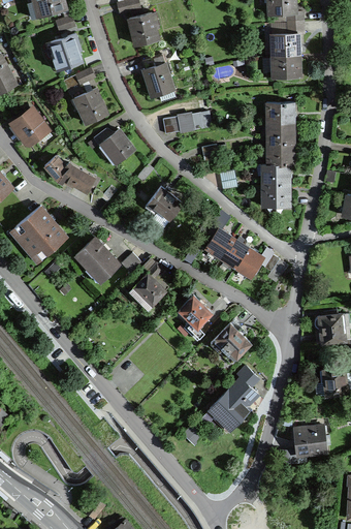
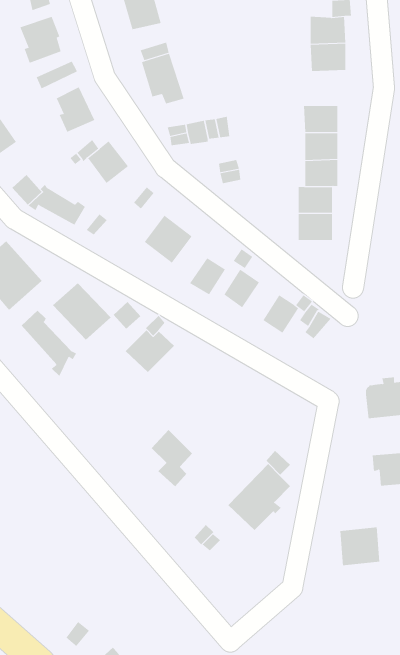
building: [220,239,248,268] -> [189,257,226,295]
building: none -> [21,310,77,377]
building: [179,295,211,340] -> [151,429,193,487]
building: [210,323,250,364] -> none

